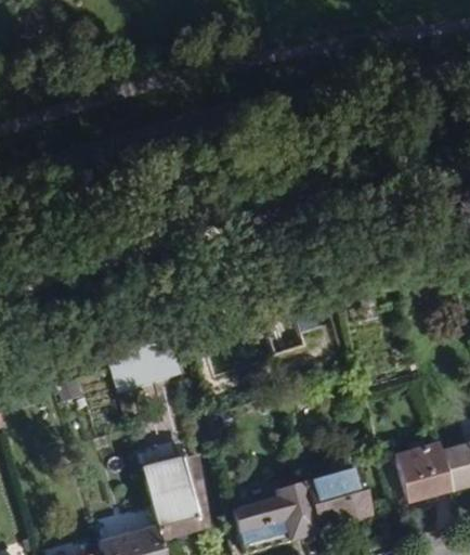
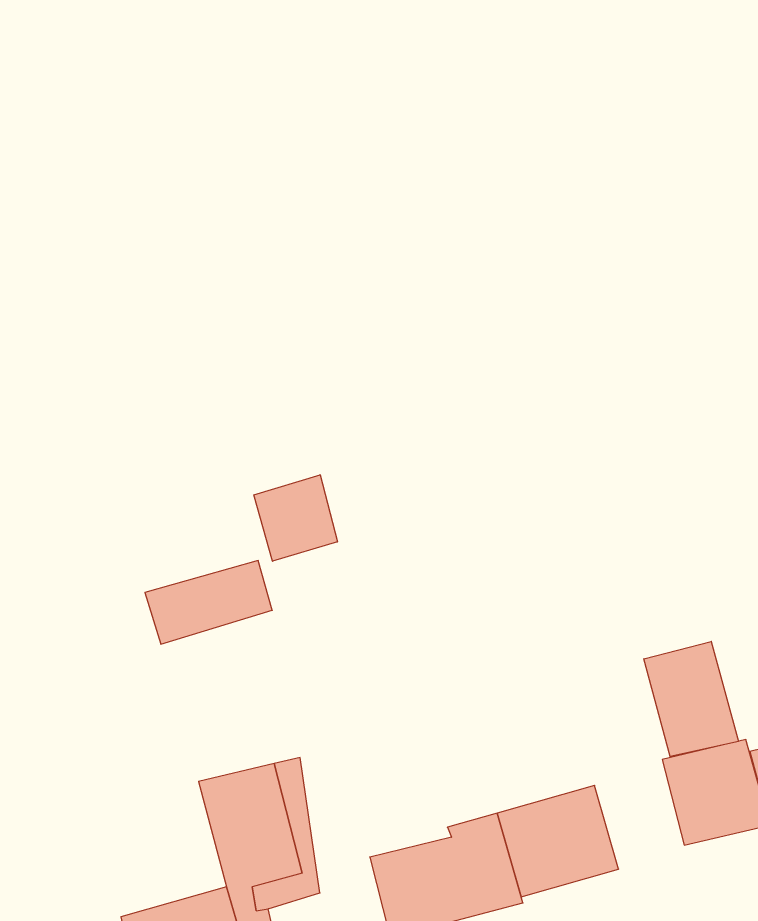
building: none -> [254,475,337,561]
building: none -> [644,641,738,757]

